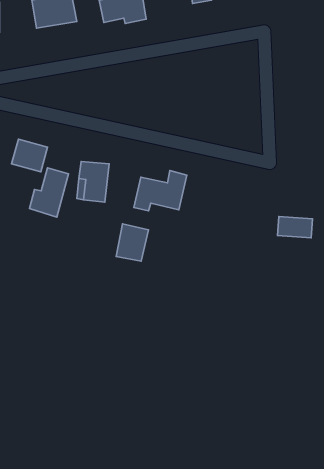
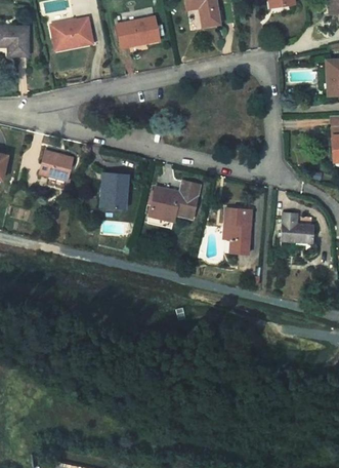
building: [30,168,68,217] -> none
building: none -> [224,206,254,254]
building: [116,224,149,261] -> none

